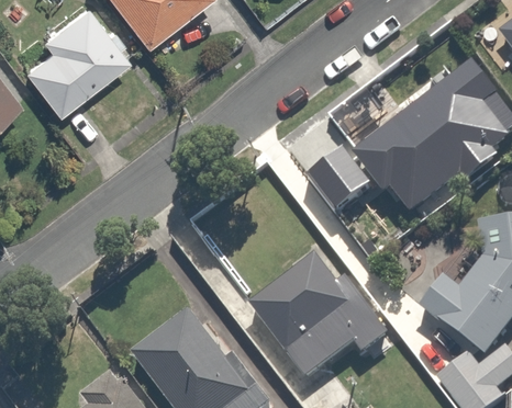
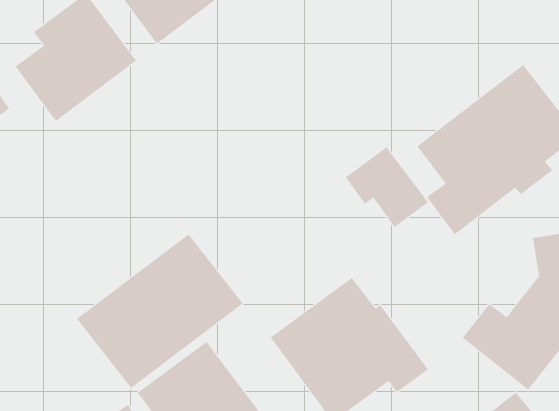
building: none -> [76,233,244,389]

